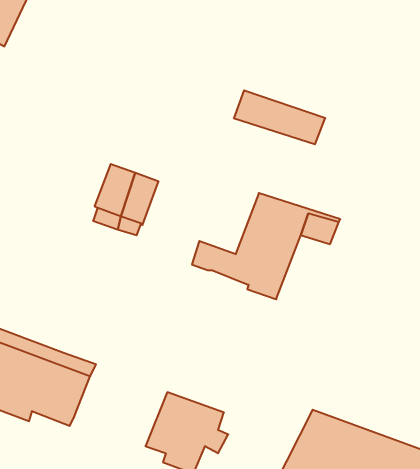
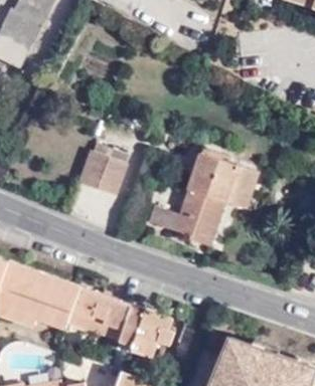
building: [234,90,325,144] -> [193,152,257,189]
building: none -> [65,289,130,346]

